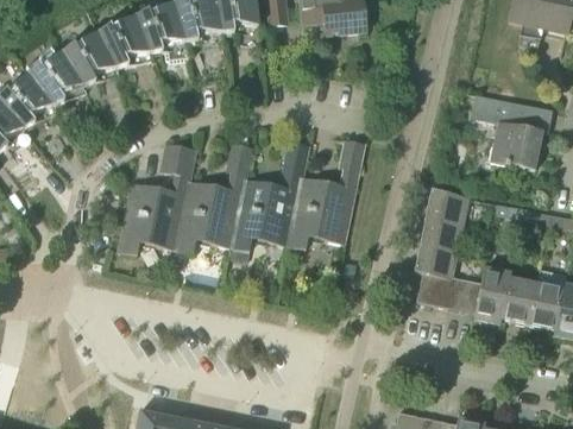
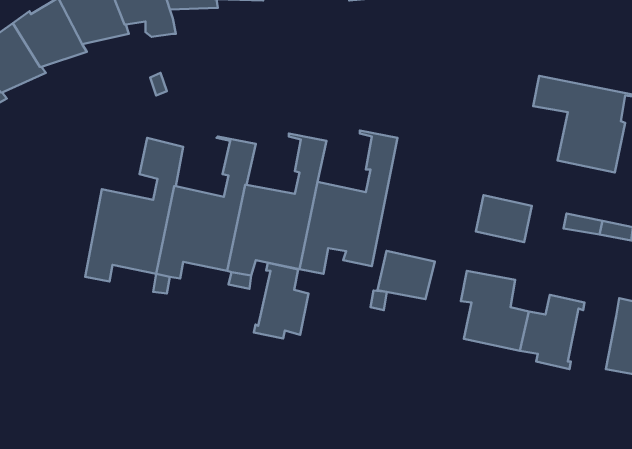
building: [418,216,464,254] -> [377,251,435,299]
building: none -> [254,263,309,338]
building: [498,277,536,324] -> none

